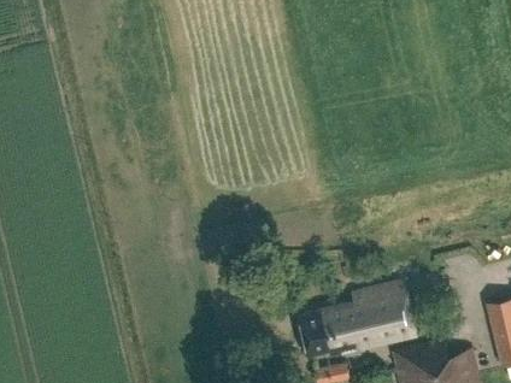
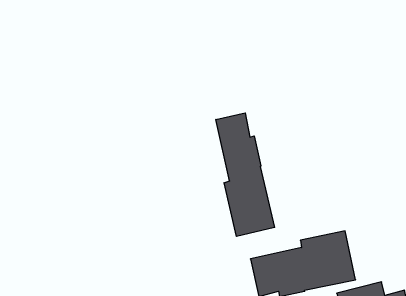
building: none -> [216,113,275,236]

